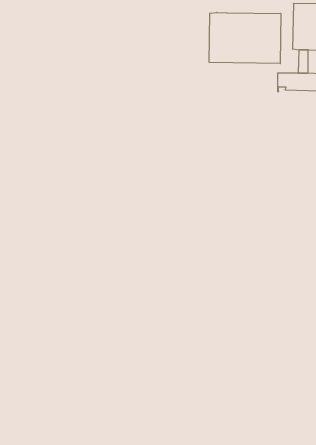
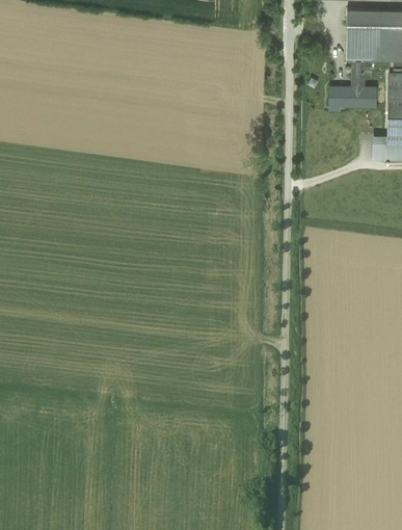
building: [209,12,281,64] -> none

